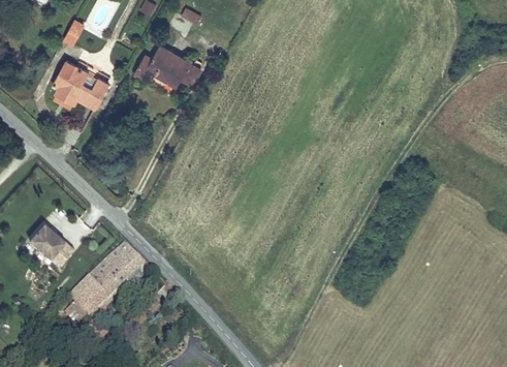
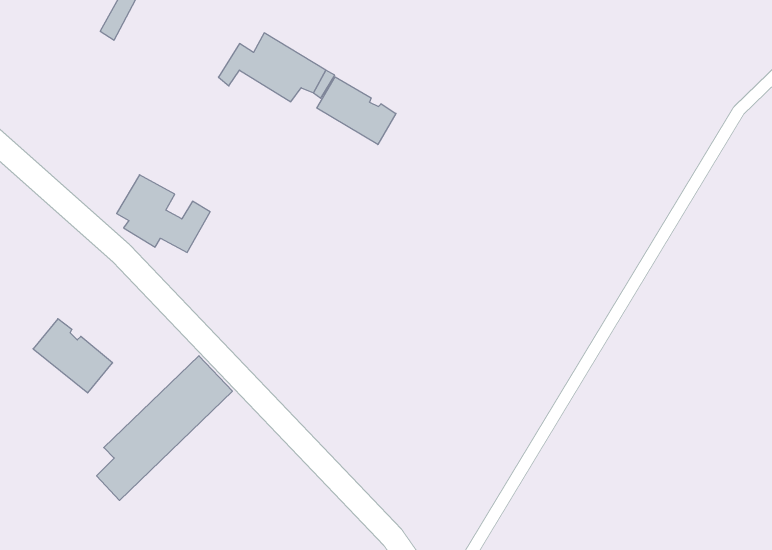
building: [52,65,106,111] -> [117,175,210,252]
building: none -> [317,77,396,145]

